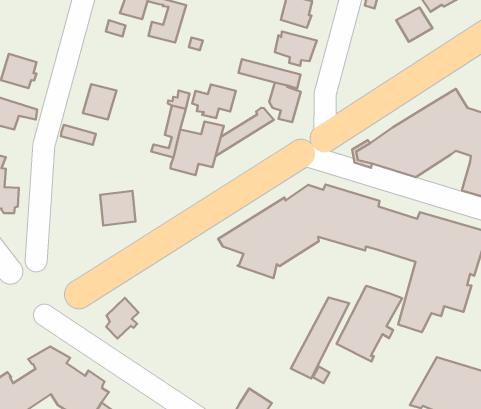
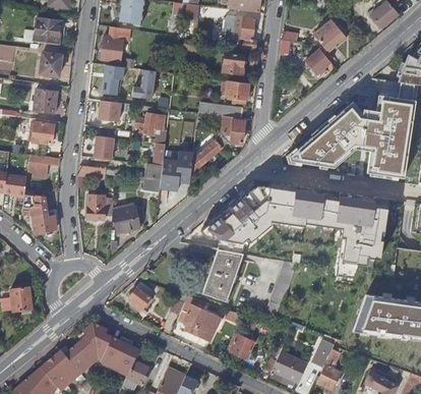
building: none -> [34,90,57,113]
building: none -> [98,99,121,120]
building: [192,84,236,118] -> [134,111,164,134]
building: none -> [87,193,114,218]
building: [336,286,402,362] -> [201,250,243,303]
building: none -> [177,295,221,341]

